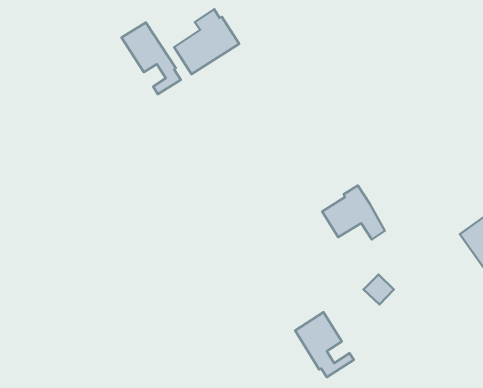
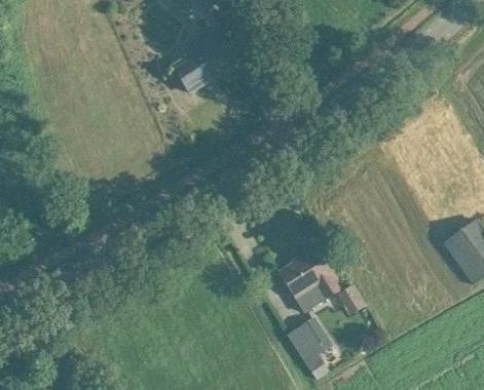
building: [122,23,181,94] -> none
building: [322,185,385,239] -> [277,247,337,299]

